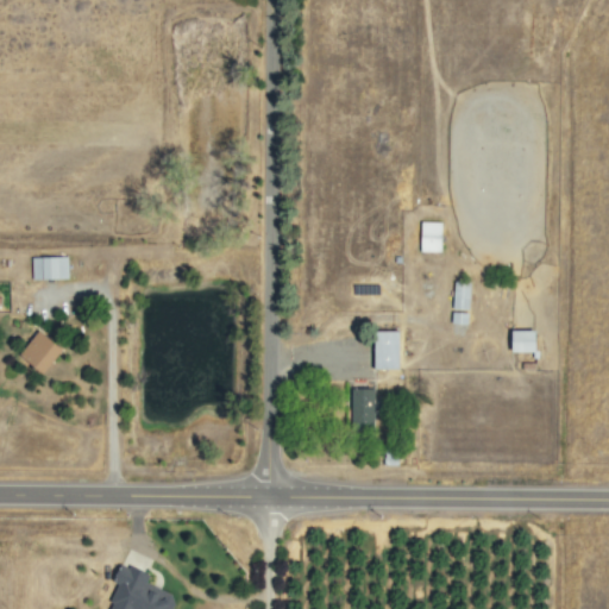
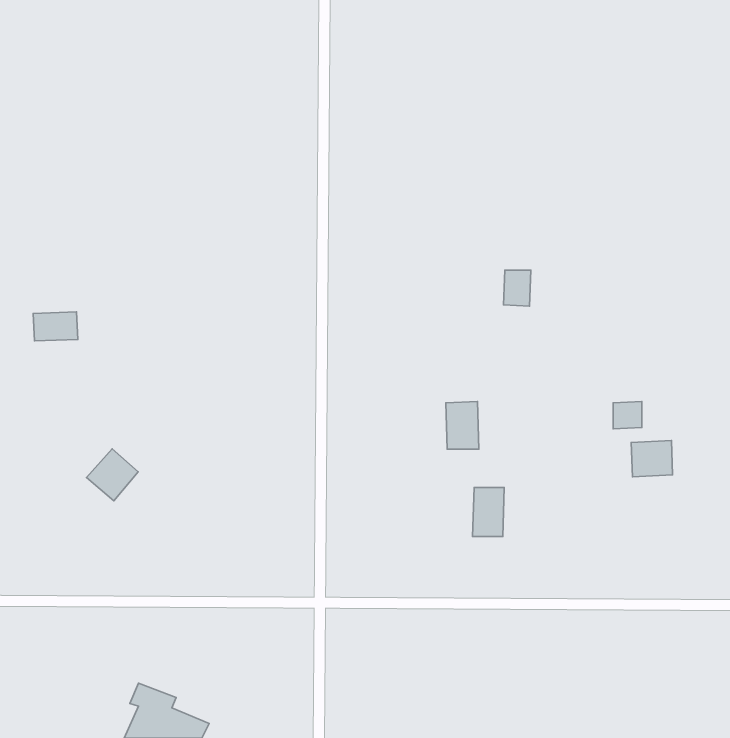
building: [18,333,61,376] -> [86,449,138,501]
building: none -> [631,440,673,477]
building: [351,389,377,429] -> [473,488,504,537]

